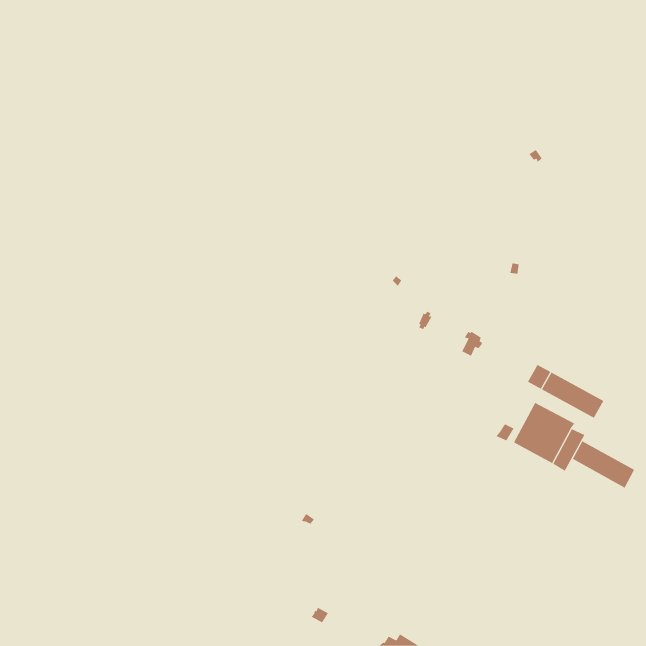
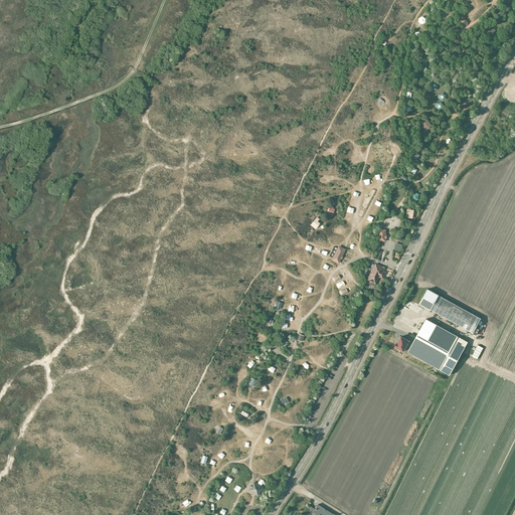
building: [572,441,635,488] -> none

